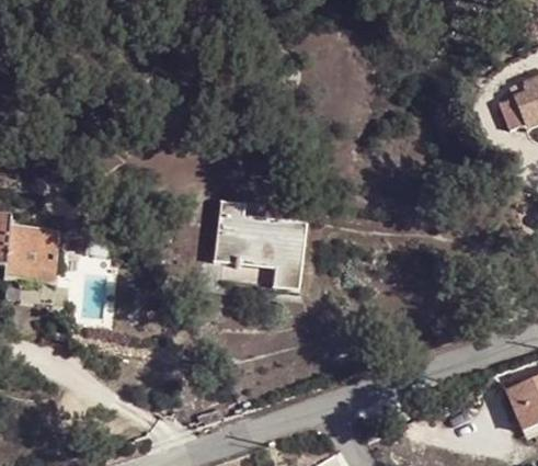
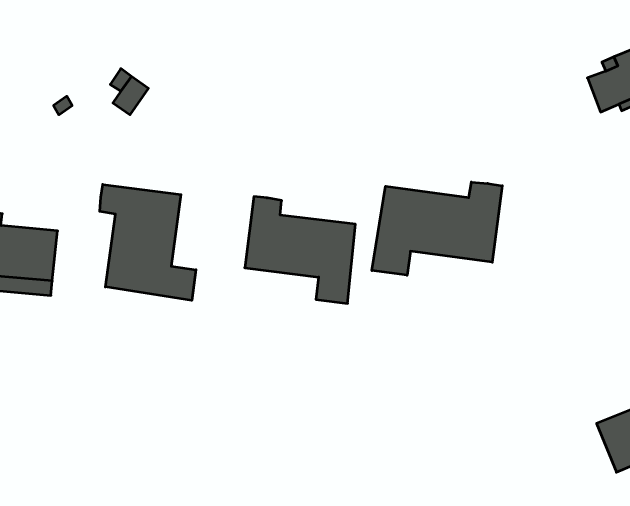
building: none -> [372,182,502,275]
building: none -> [100,184,196,300]

